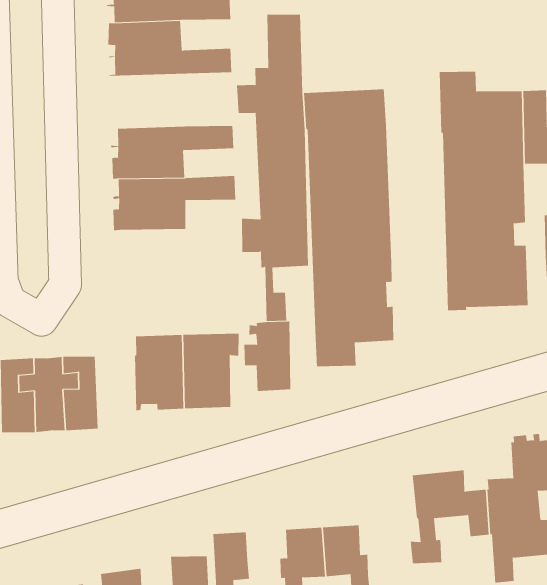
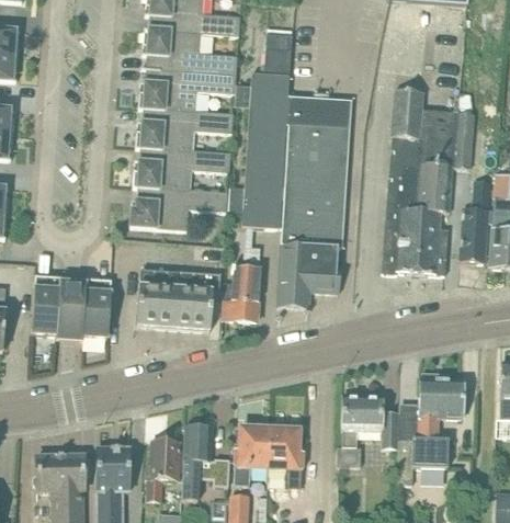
building: none -> [138,68,236,112]
building: none -> [131,186,227,230]

